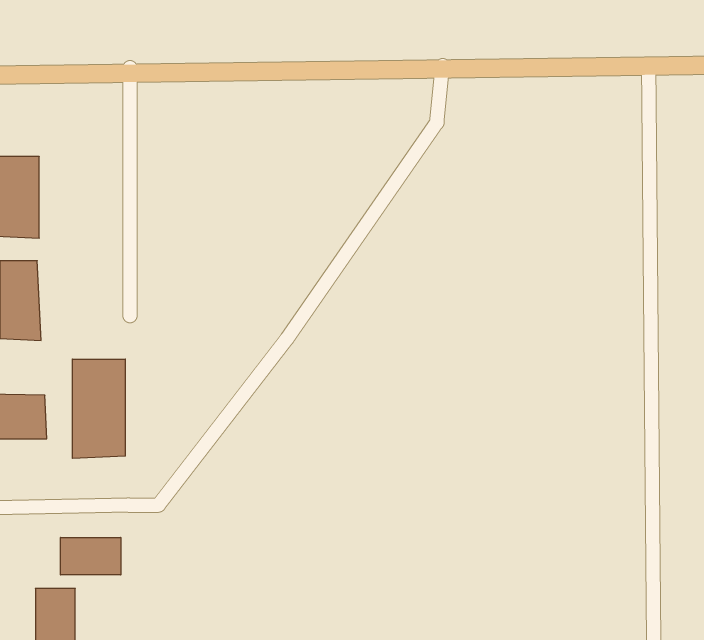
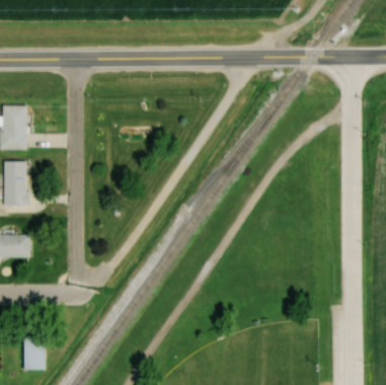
building: [72,359,125,458] -> none
building: [61,537,121,575] -> none

